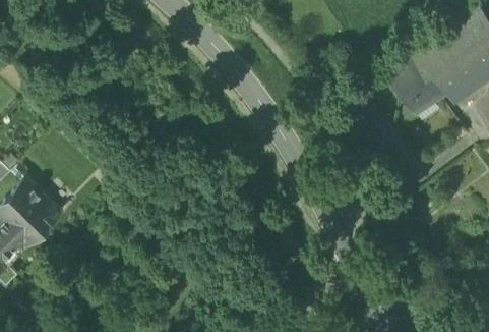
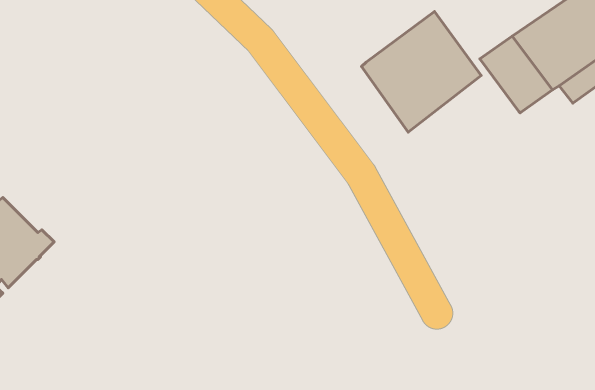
building: none -> [362,12,481,132]

